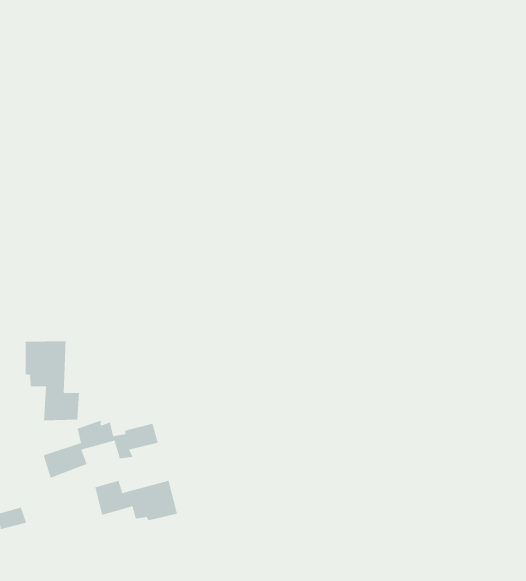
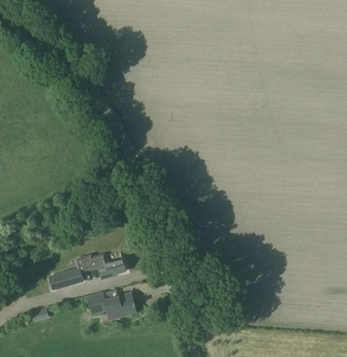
building: [25,341,79,421] -> none

